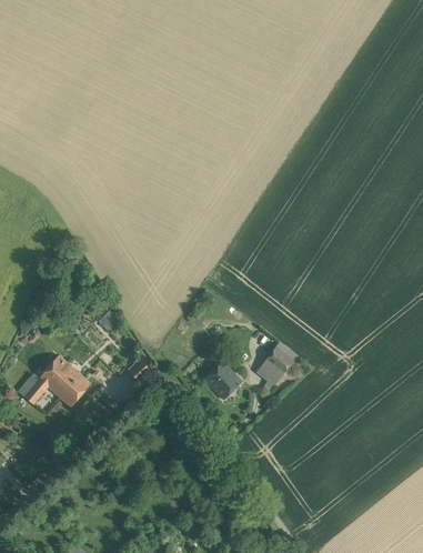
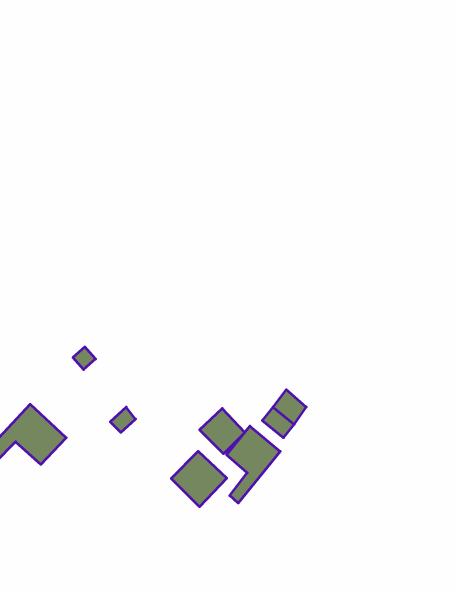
building: none -> [227,426,280,503]
building: none -> [171,451,227,507]

